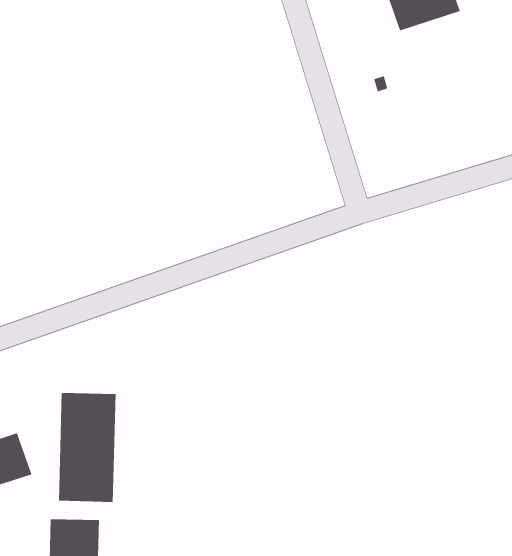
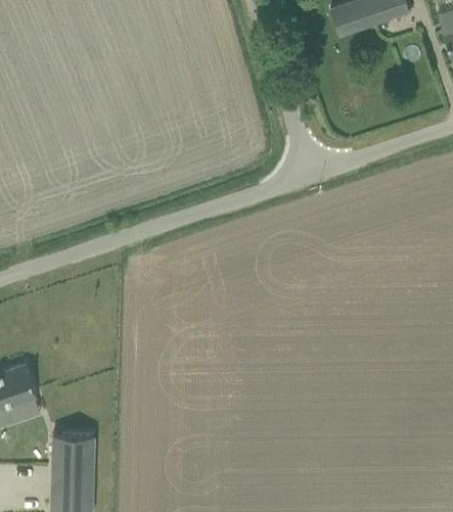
building: [58,392,116,503] -> none

